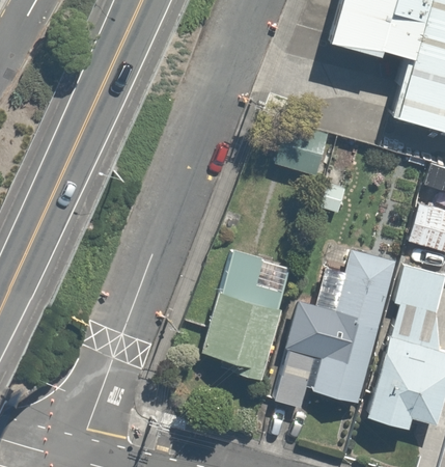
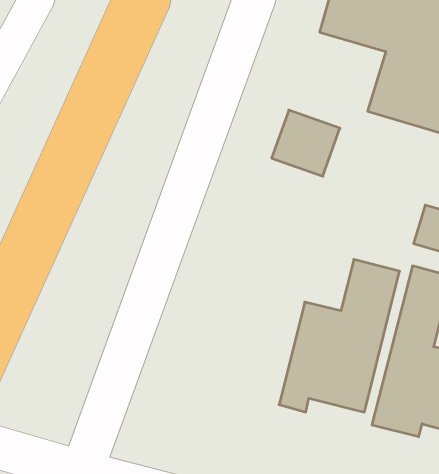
building: [206,246,285,380] -> none

